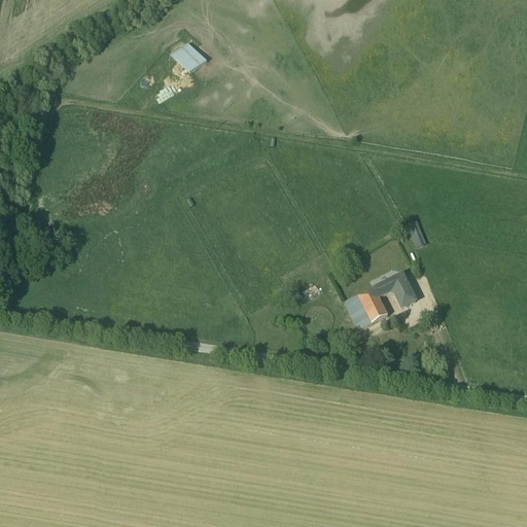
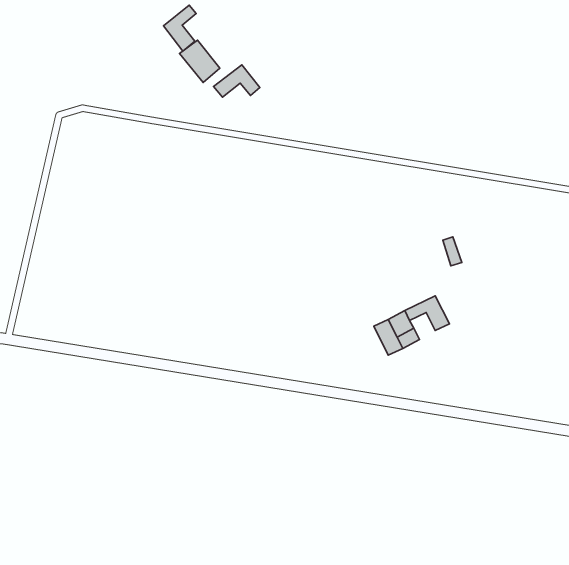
building: none -> [163,5,196,51]
building: none -> [214,65,260,97]

